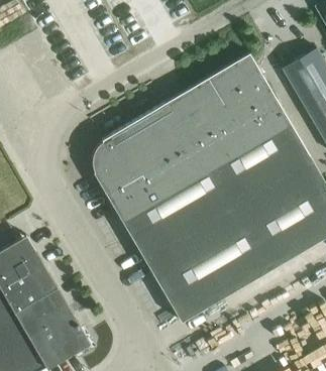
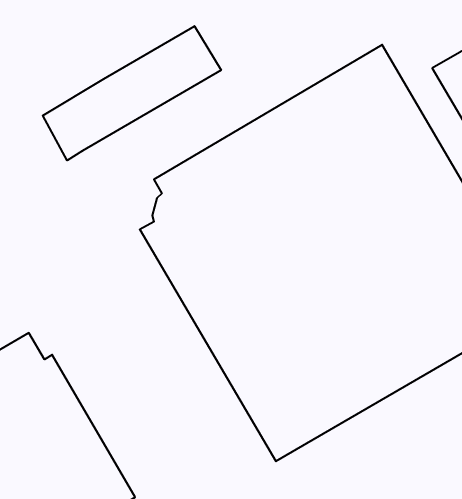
building: none -> [43,26,221,160]

